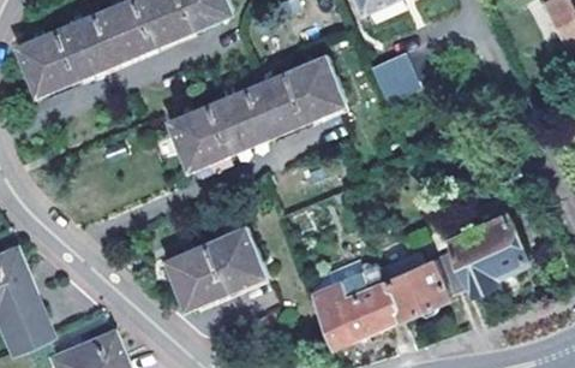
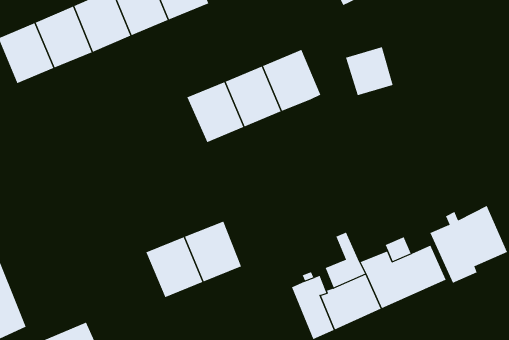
building: [173,107,232,170] -> none

